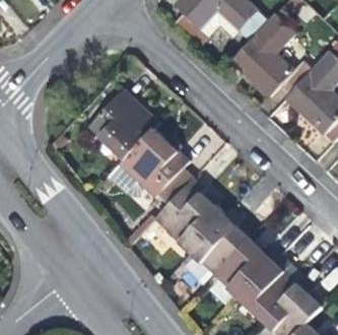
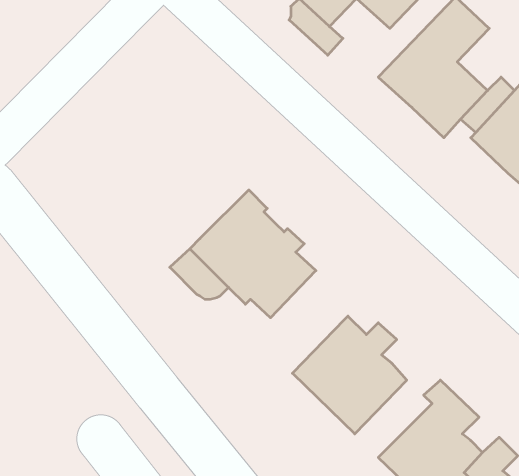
building: [88,87,158,158] -> none
building: [156,178,211,240] -> none
building: [217,244,264,290] -> none

